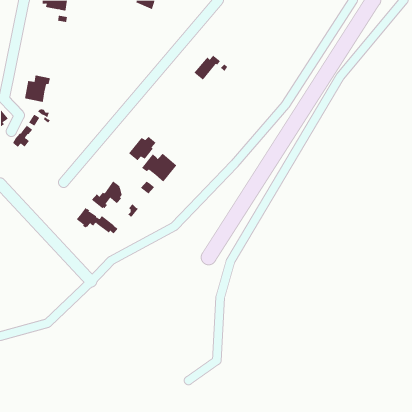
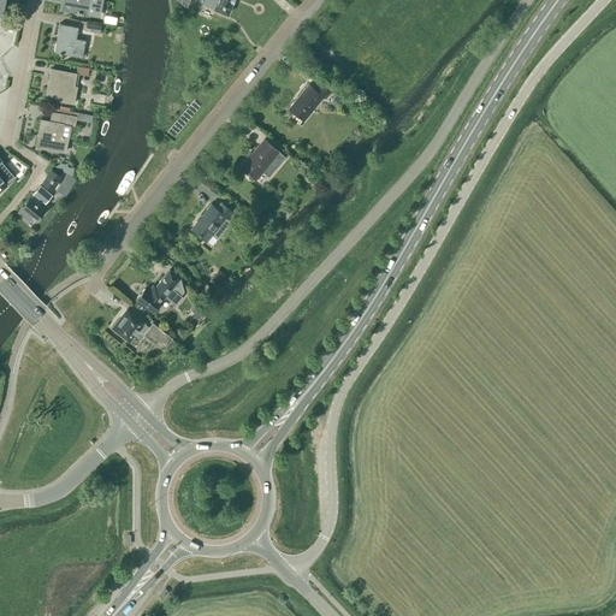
building: none -> [54,24,85,58]
building: none -> [46,69,77,103]
building: none -> [241,143,284,180]
building: [141,153,177,182] -> none

